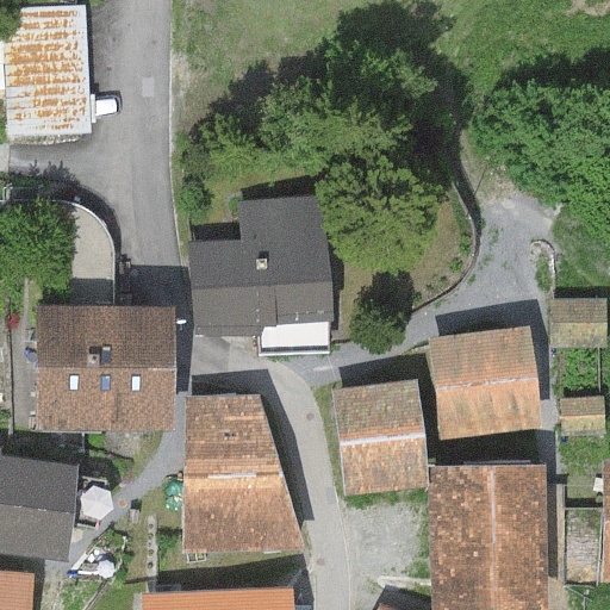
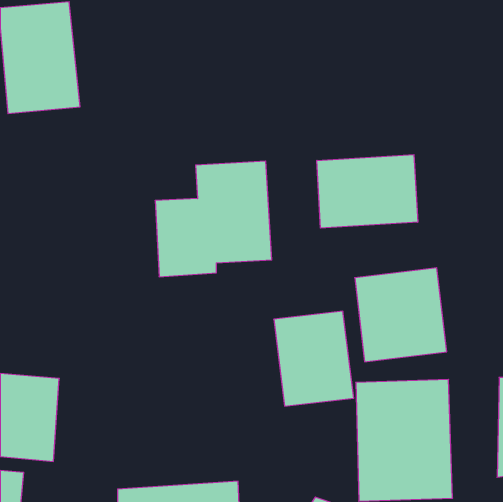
building: none -> [317,155,418,228]
building: [36,303,174,429] -> none
building: [187,396,303,555] -> none

